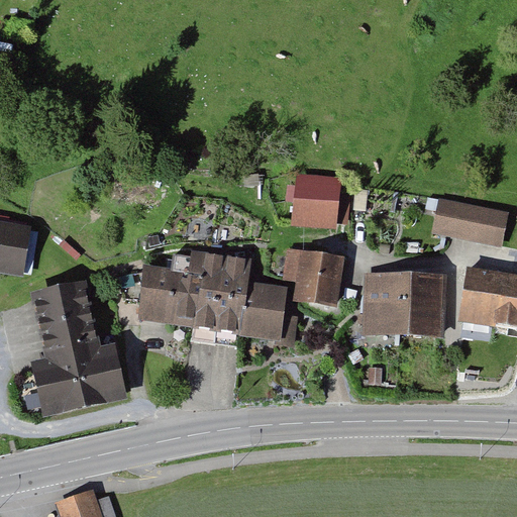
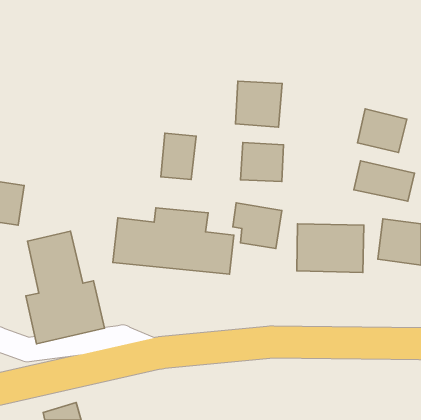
building: none -> [235,81,282,127]
building: none -> [358,109,407,152]
building: none -> [161,133,196,180]

